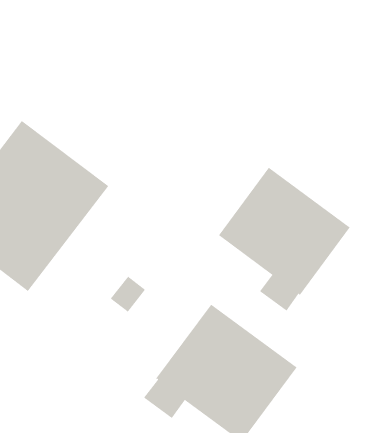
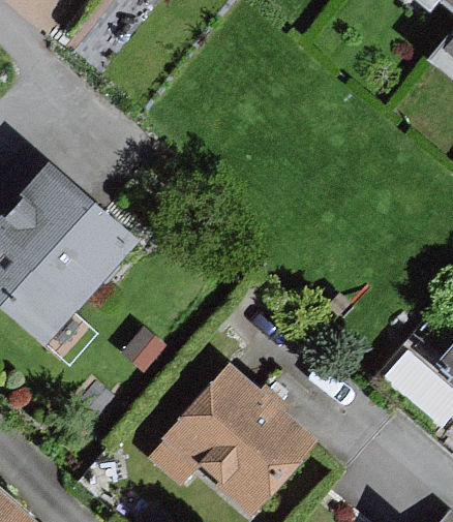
building: [218,167,351,311] -> none

